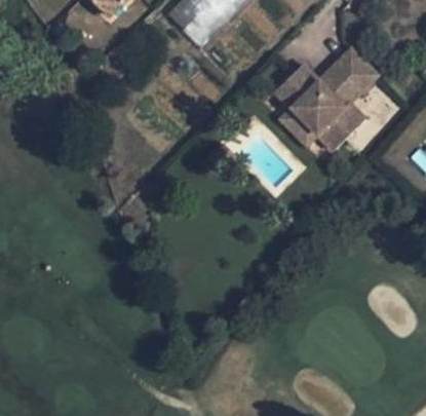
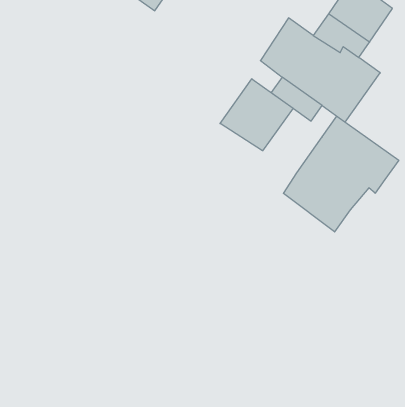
building: none -> [220,79,293,151]
building: none -> [283,116,399,232]

